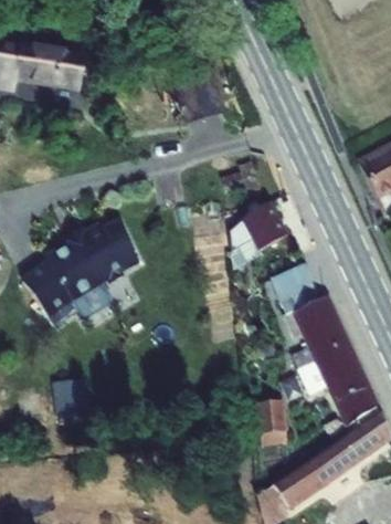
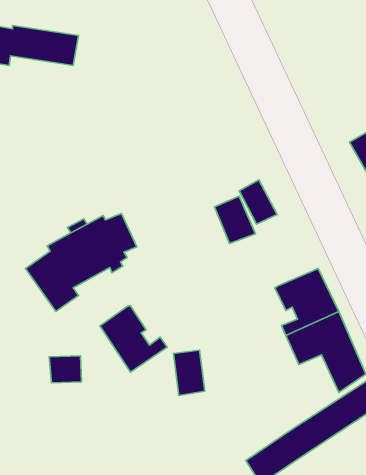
building: [272,263,320,313] -> none
building: none -> [100,306,167,372]
building: [256,398,288,444] -> [173,350,205,395]

